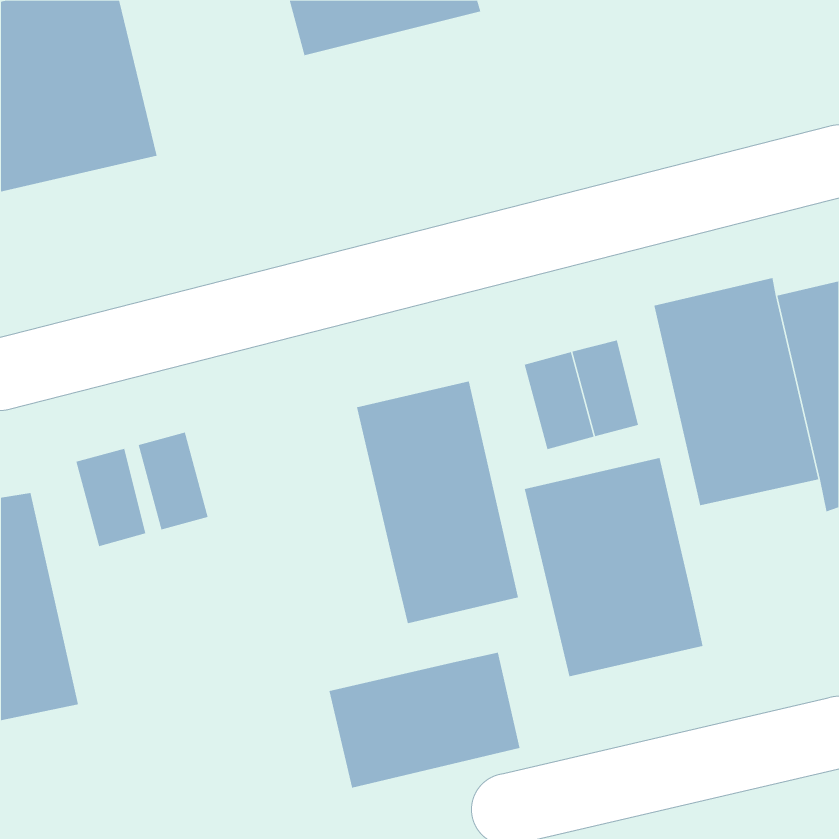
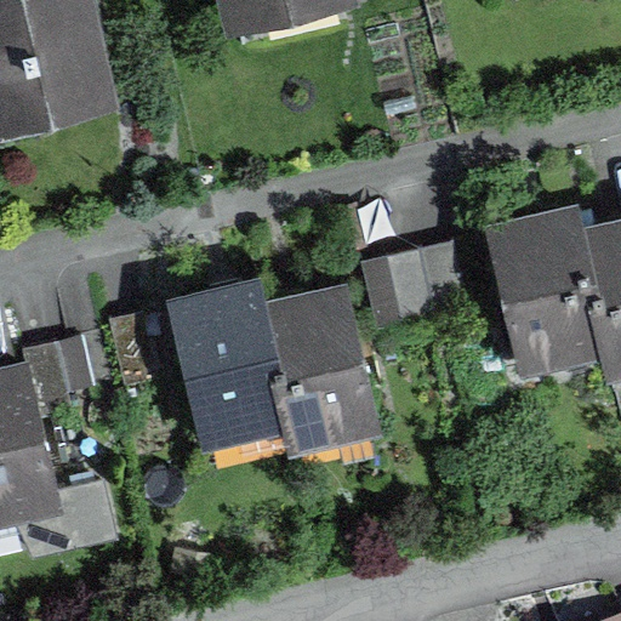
building: none -> [164,273,291,443]
building: [524,457,703,677] -> none
building: [329,652,520,789] -> none

